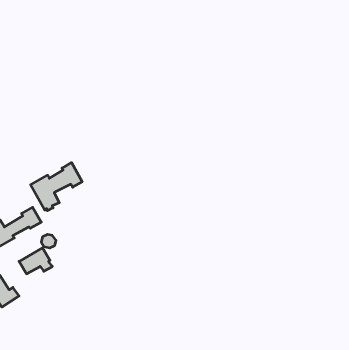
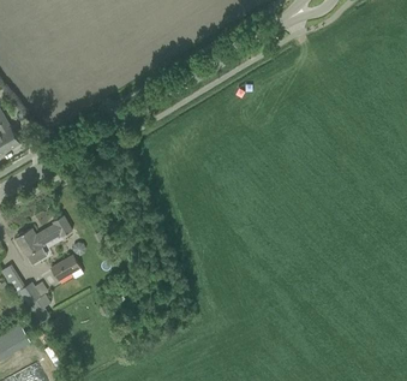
building: [31,163,82,211] -> none

